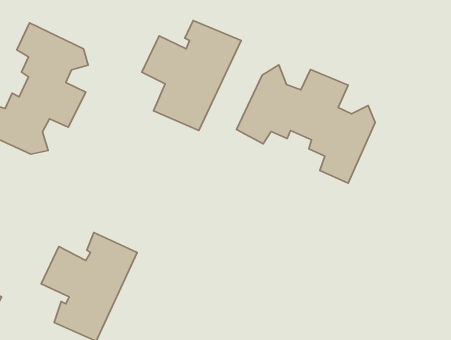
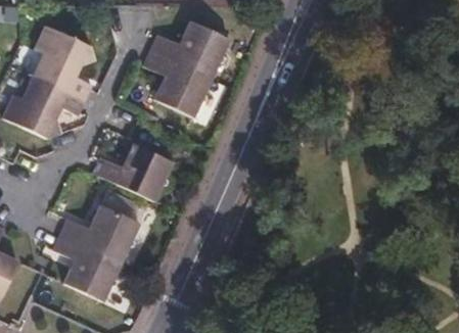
building: [237,65,375,183] -> none
building: none -> [93,144,172,202]

